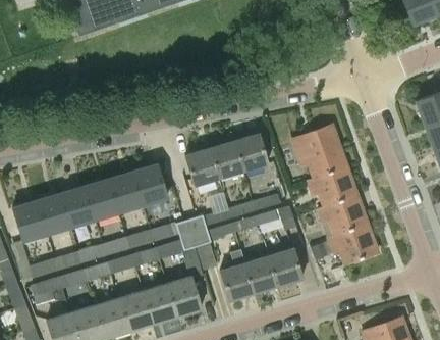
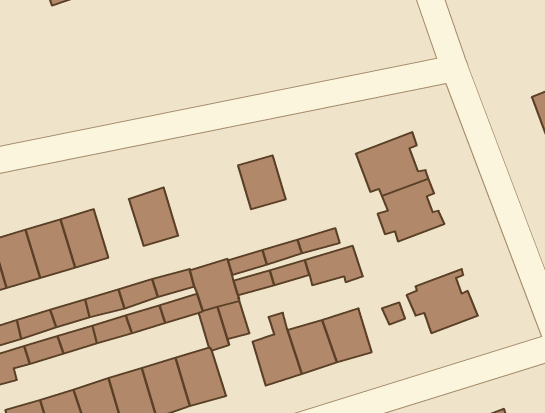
building: [234,134,268,173] -> none
building: [184,149,219,188] -> none
building: [109,173,144,213] -> none
building: [318,190,367,234] -> none

